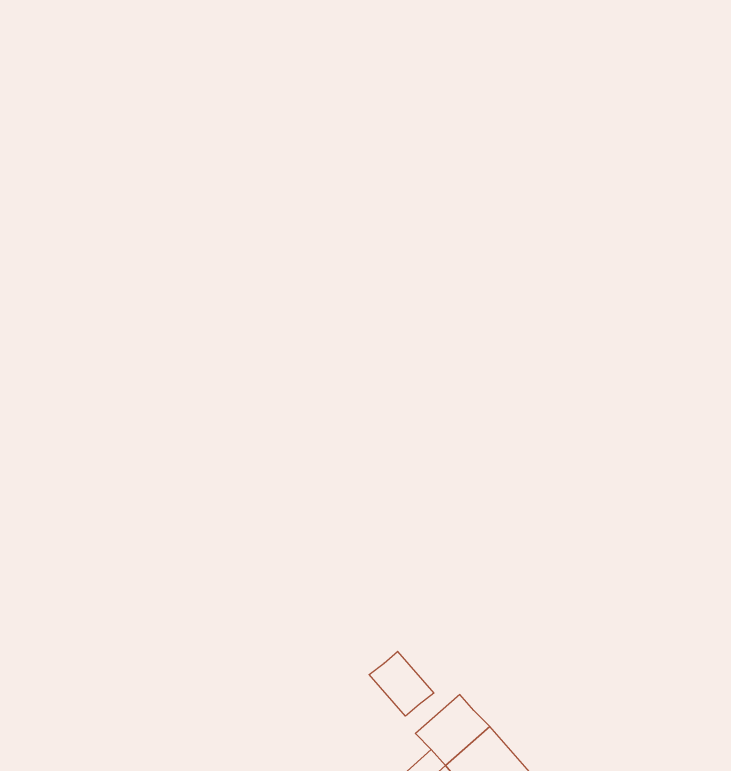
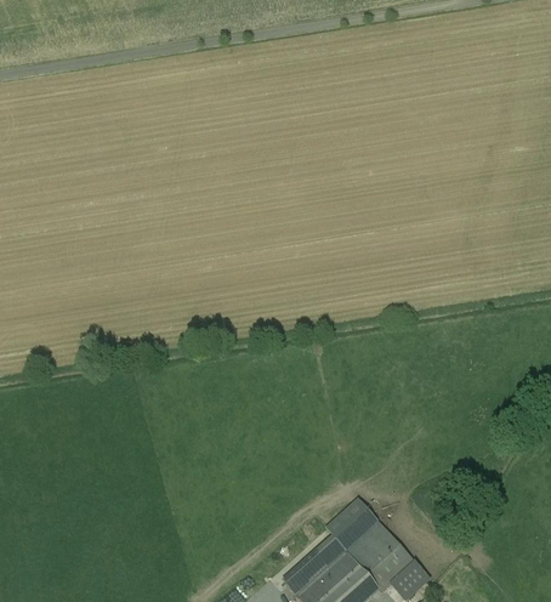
building: [369,651,434,716] -> none

